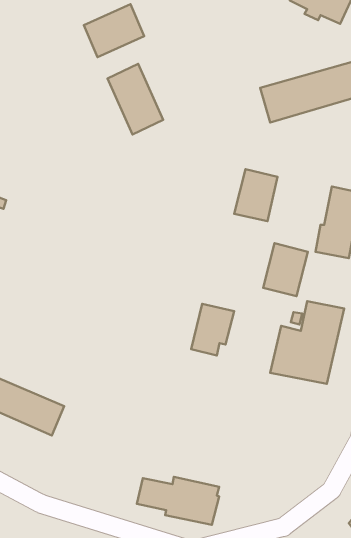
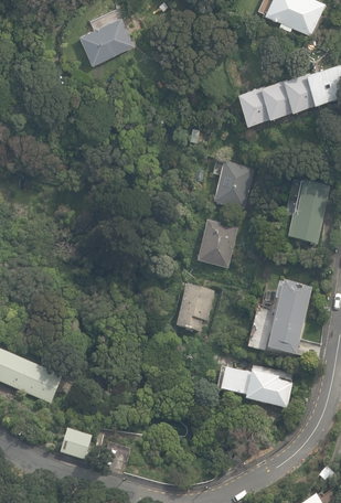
building: [108,64,163,135] -> none
building: [263,243,308,296] -> [196,221,236,268]
building: none -> [58,428,90,460]
building: [137,477,219,525] -> [220,367,294,410]

